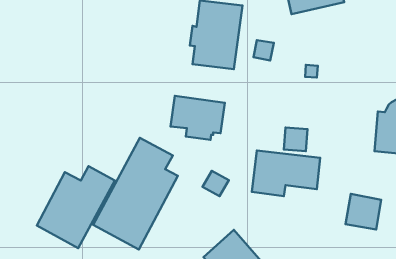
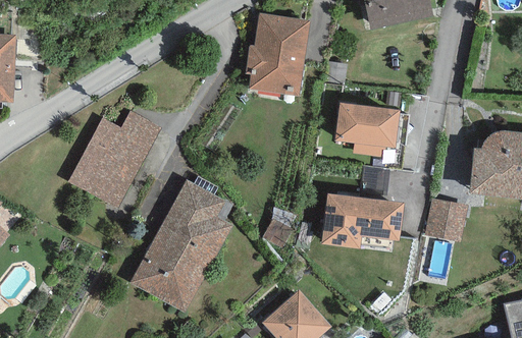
building: [171,96,225,140] -> [334,103,400,156]
building: [37,166,115,248] -> [68,110,162,209]
building: [346,194,381,229] -> [425,198,468,240]

